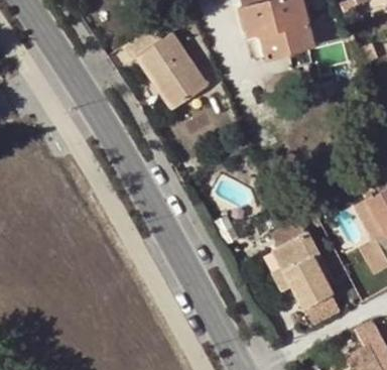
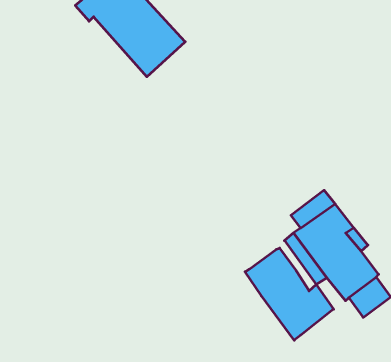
building: none -> [245,248,334,340]

